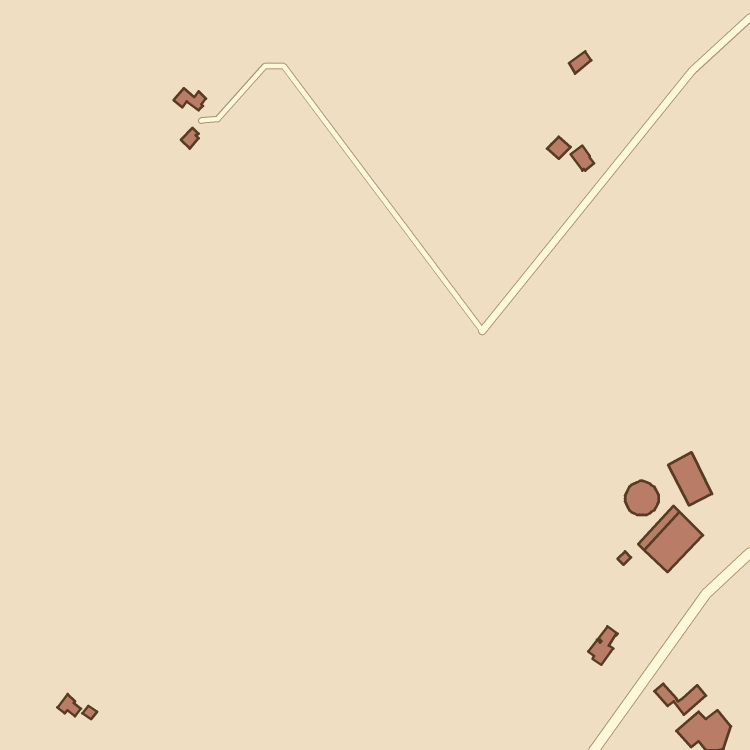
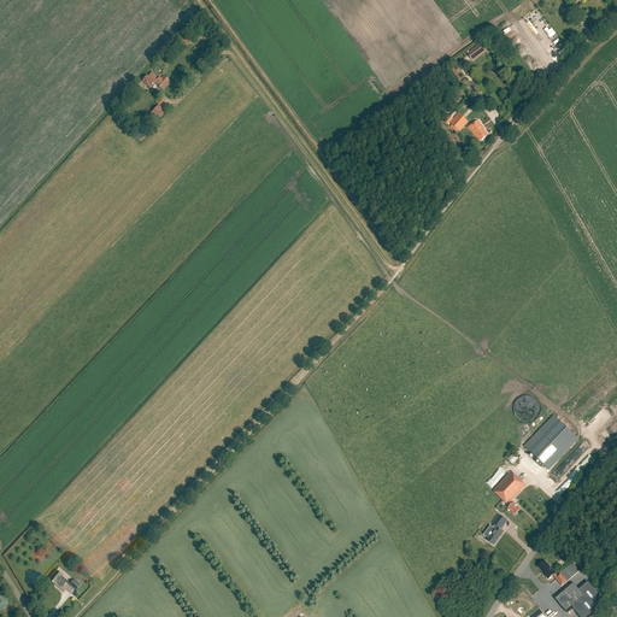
building: [668,452,712,505] -> none
building: none -> [492,470,524,515]

